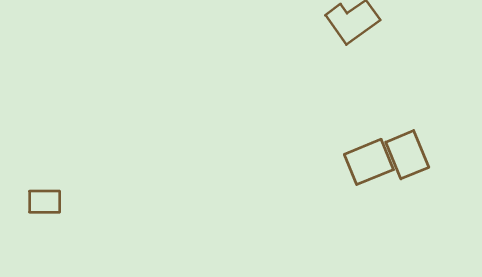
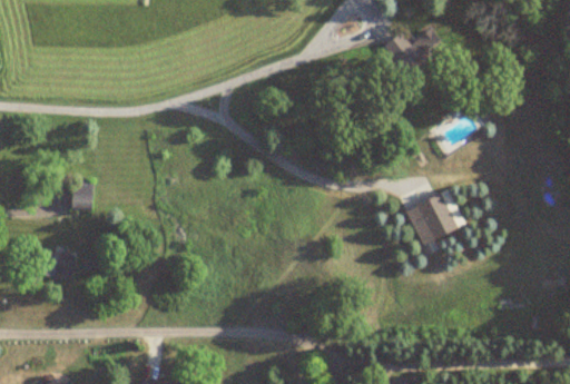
building: [386,130,429,179] -> none
building: none -> [72,183,92,211]

